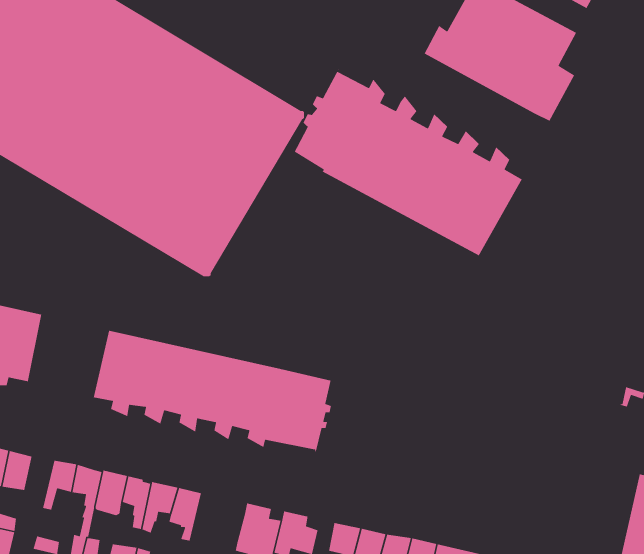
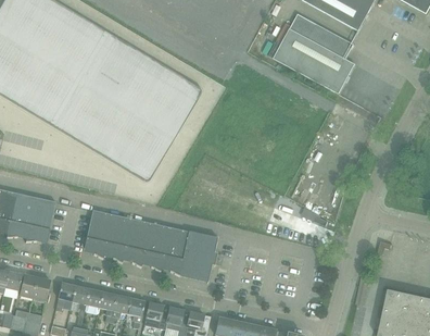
building: [293,68,523,257] -> none
building: none -> [143,301,168,328]

